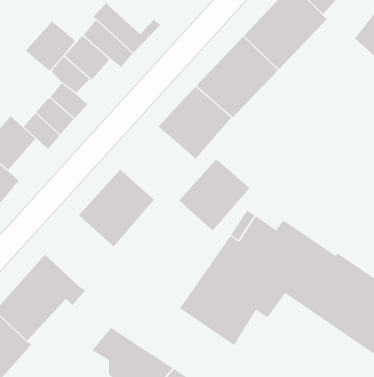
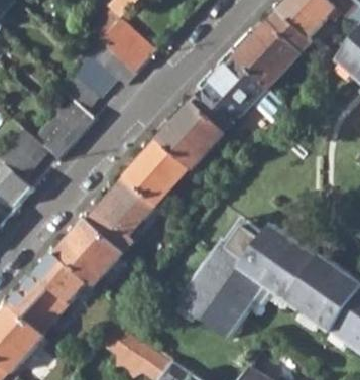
building: [25,20,76,72] -> none
building: [179,158,251,232] -> [122,139,188,206]
building: none -> [53,220,121,288]

